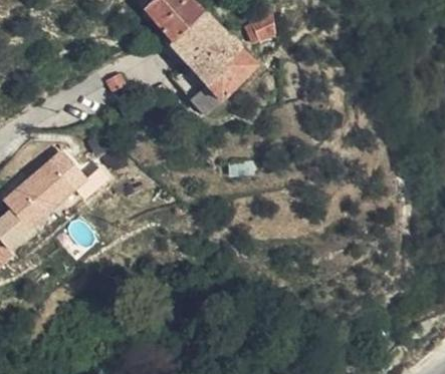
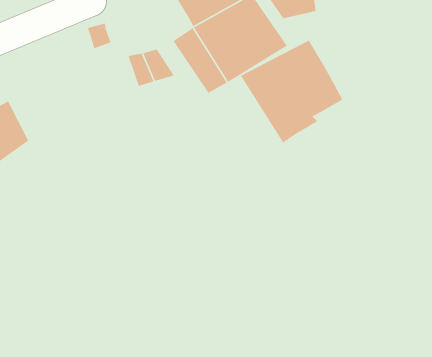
building: none -> [240,39,344,143]

